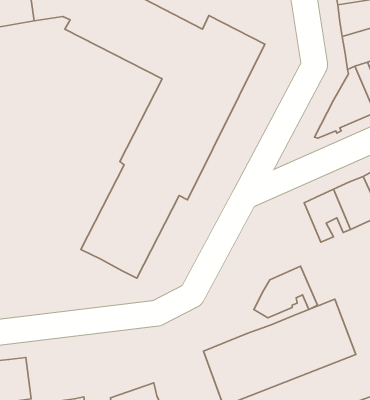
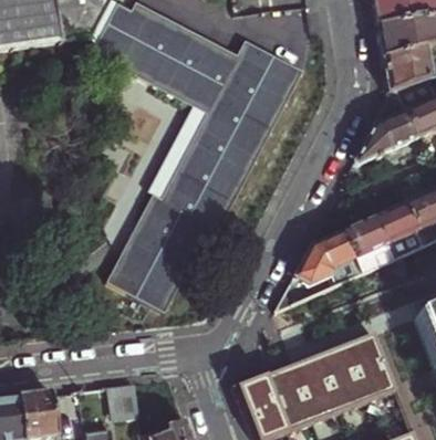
building: [254,266,317,318] -> [292,231,359,285]
building: none -> [105,383,136,421]

